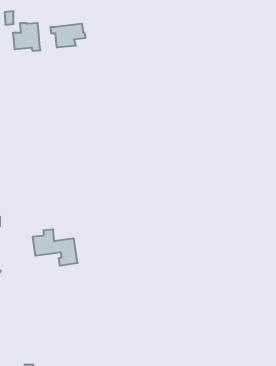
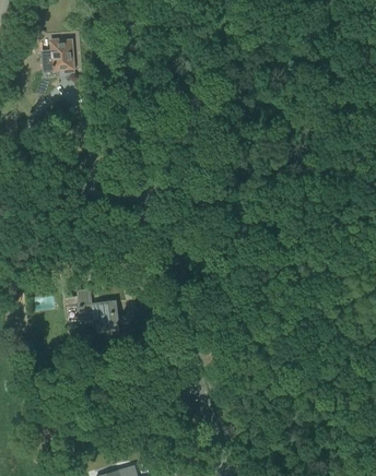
building: [51,24,85,48] -> none

